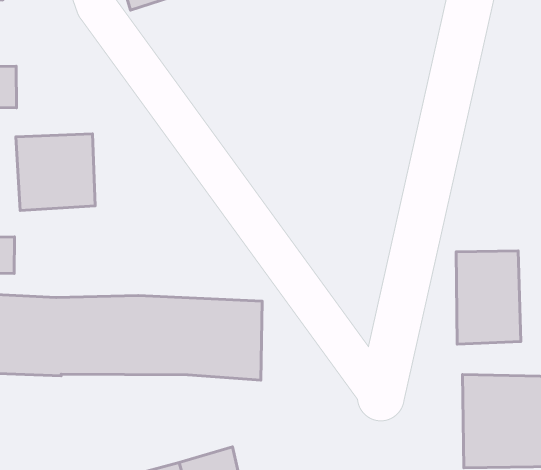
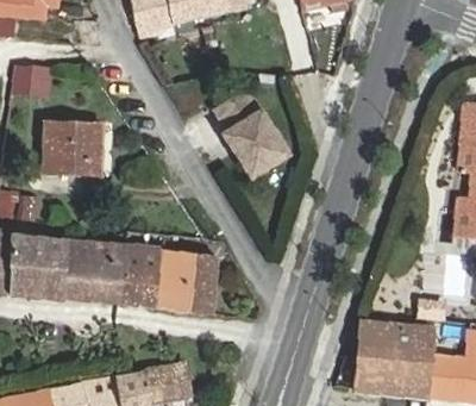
building: none -> [208,87,293,183]
building: [456,251,521,344] -> none

